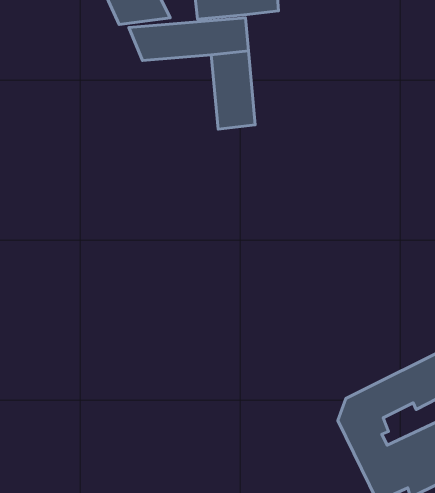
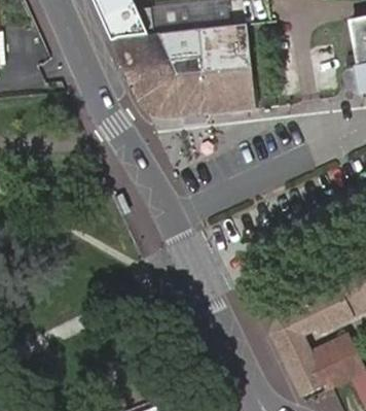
building: none -> [205,27,258,111]
building: none -> [127,59,184,114]

